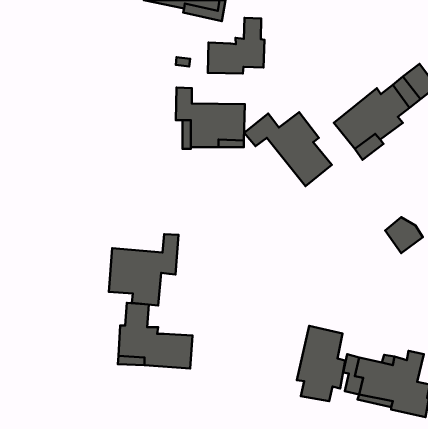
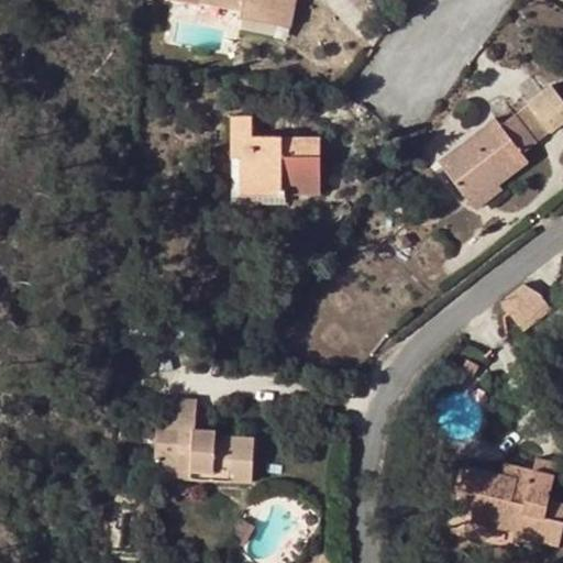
building: [208,18,265,74] -> none
building: [244,112,332,186] -> none
building: [109,234,179,306] -> none
building: [297,326,345,401] -> none

